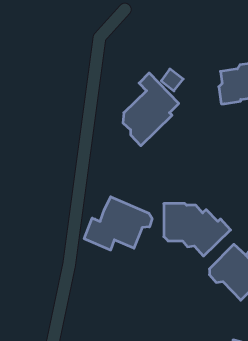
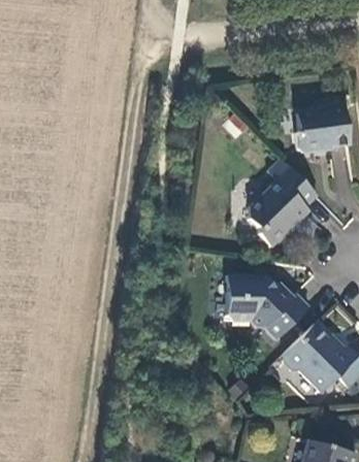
building: [123,73,179,146] -> [250,158,318,246]
building: [84,197,152,250] -> none

